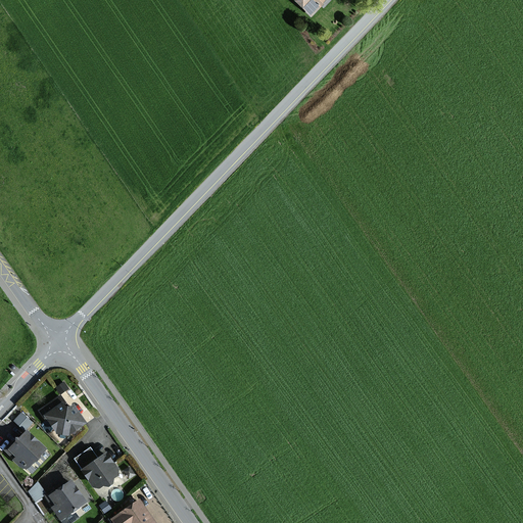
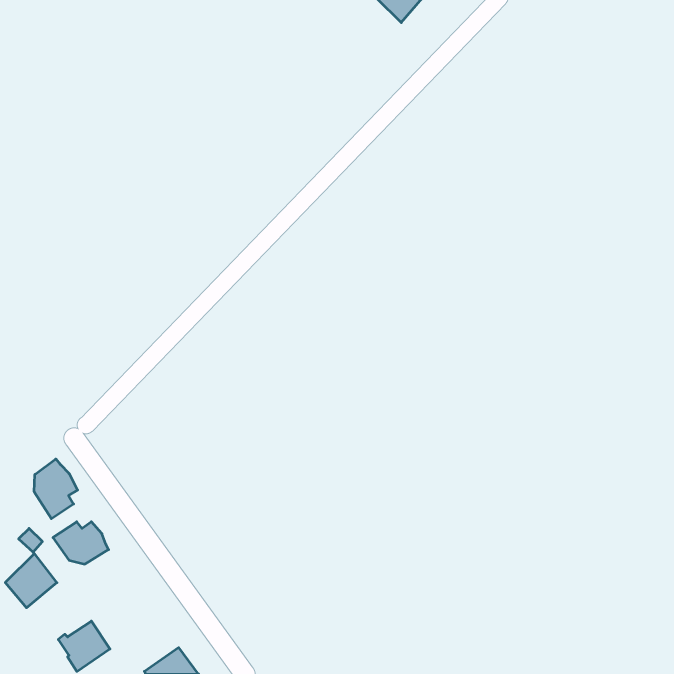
building: none -> [34,459,78,519]
building: [81,450,117,487] -> none

